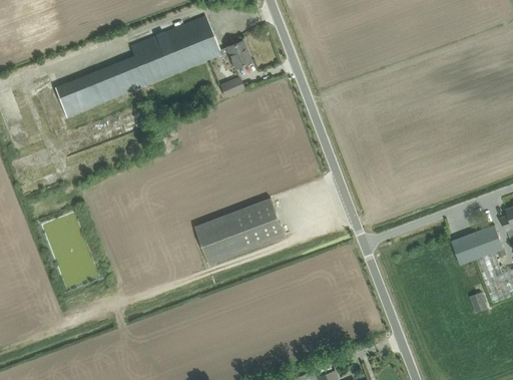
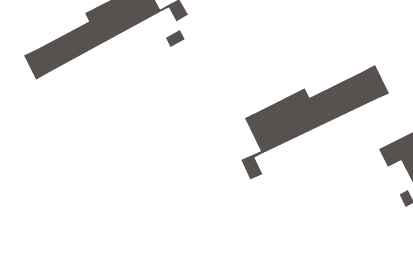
building: none -> [240,64,390,180]
building: [194,199,285,266] -> none

